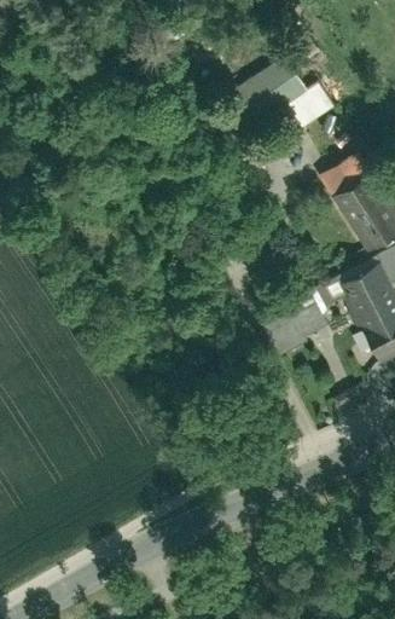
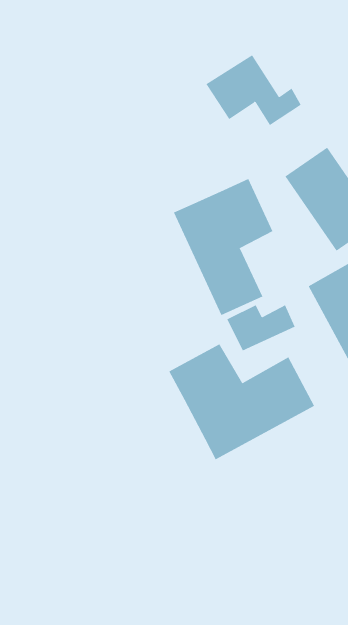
building: none -> [173,178,273,316]
building: none -> [168,343,315,460]

